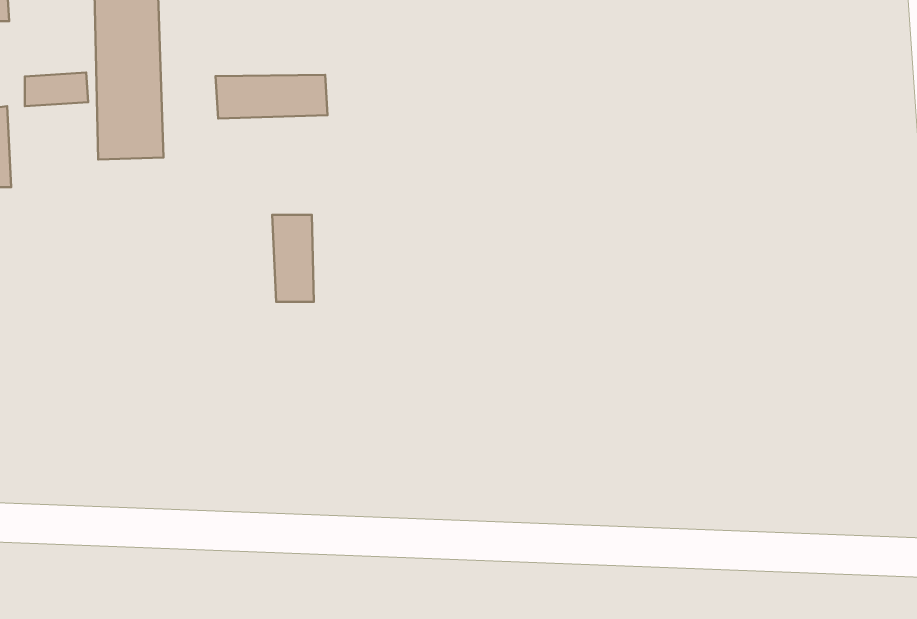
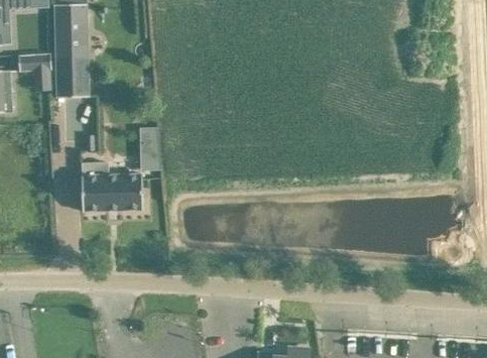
building: [216,75,327,118] -> none
building: none -> [81,162,143,212]

